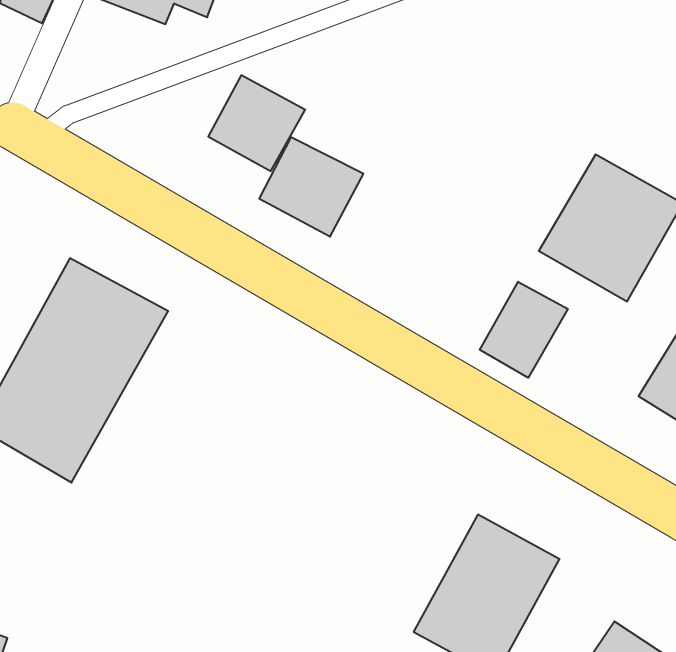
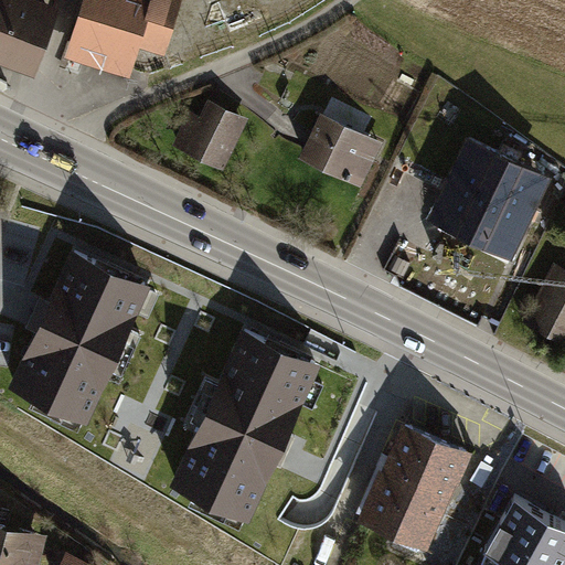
building: [259,137,363,237] -> [303,115,383,190]
building: [480,282,568,378] -> none
building: none -> [169,331,320,523]

